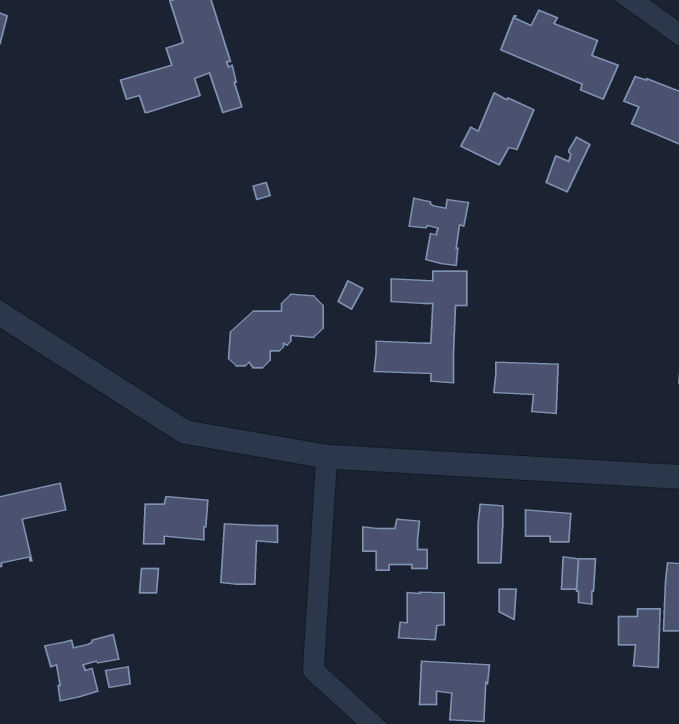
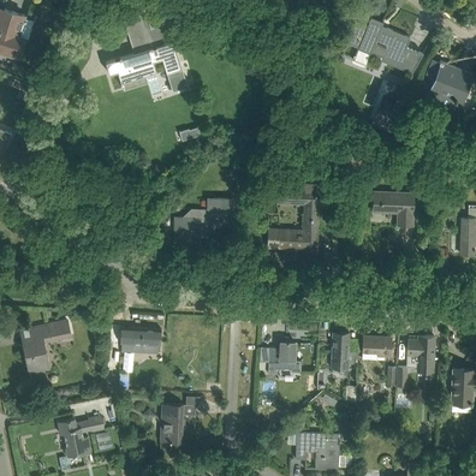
building: [461,93,534,165] -> none
building: [409,198,469,265] -> none
building: [494,362,558,413] -> [373,192,413,225]
building: [221,524,277,584] -> [160,404,196,442]
building: [398,592,444,640] -> none
building: [618,609,660,668] -> [407,335,434,373]

